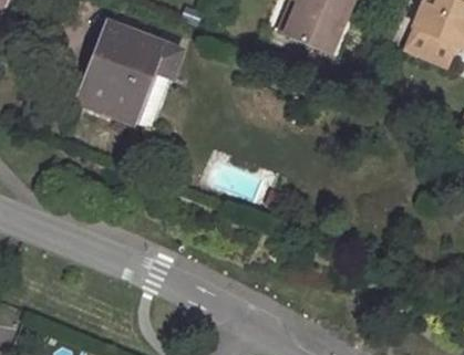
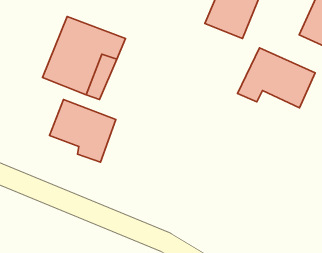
building: none -> [237,48,315,108]
building: none -> [49,99,116,162]

